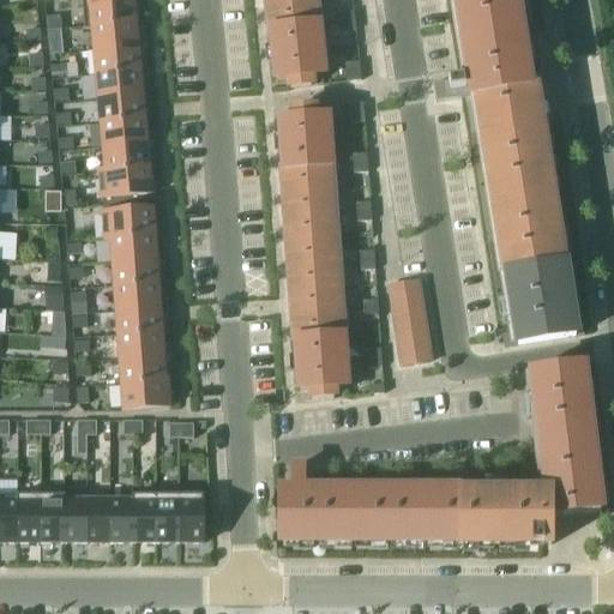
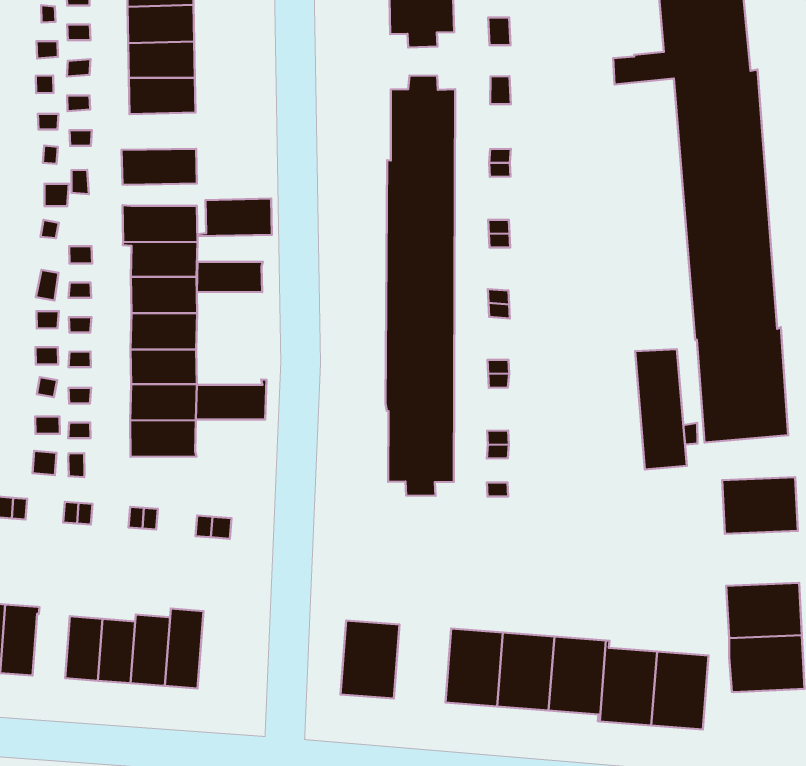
building: [98,140,150,170] -> [197,199,272,236]
building: none -> [197,262,263,292]
building: [390,277,432,362] -> [635,349,687,469]
building: [121,375,170,407] -> [196,380,266,420]
building: [537,398,591,440] -> none
building: [317,484,353,536] -> none
building: [180,486,204,540] -> none
building: [532,489,552,541] -> none
building: [65,496,88,540] -> none

